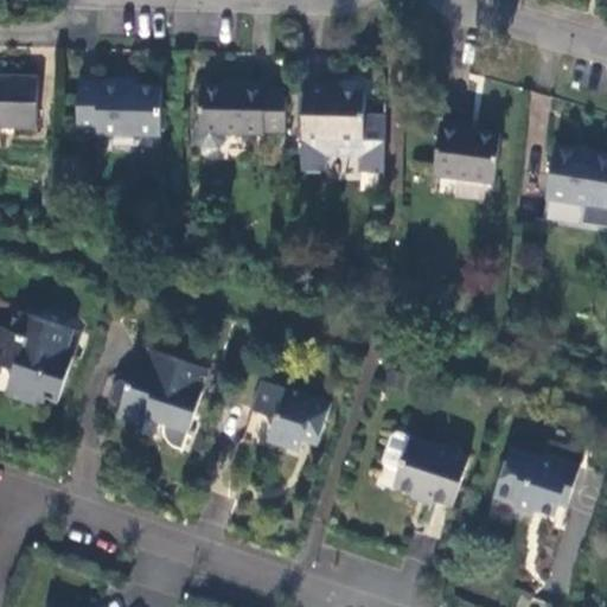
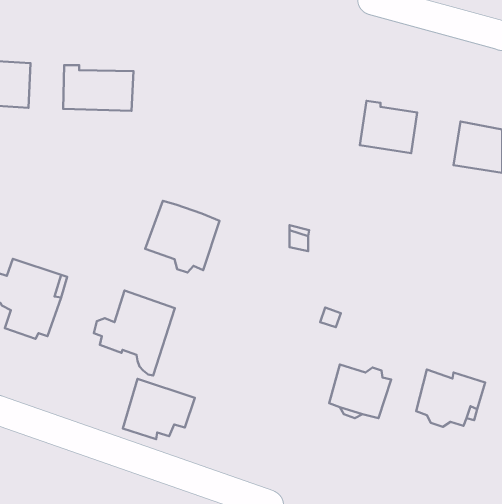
building: [197,83,264,134] -> none
building: [299,85,382,172] -> none
building: none -> [145,201,219,272]
building: [244,383,331,455] -> [123,379,195,439]

